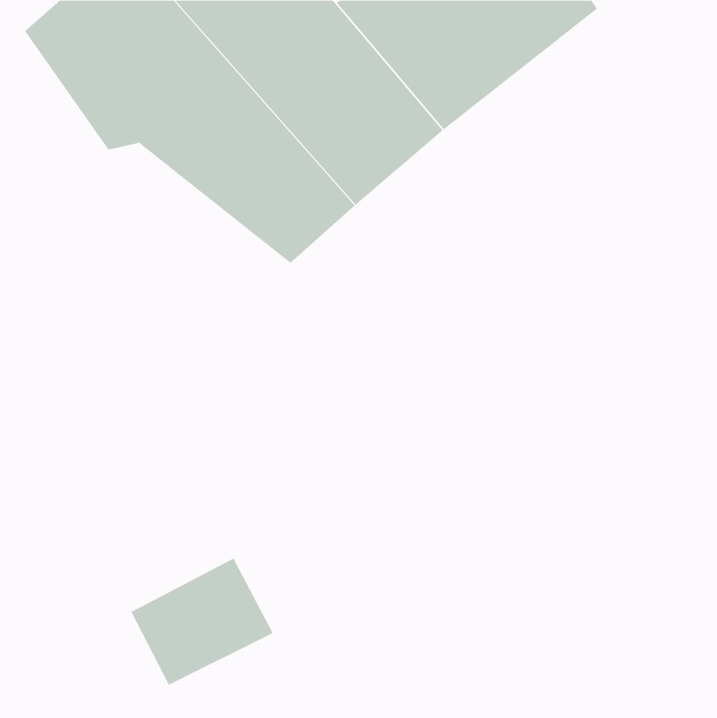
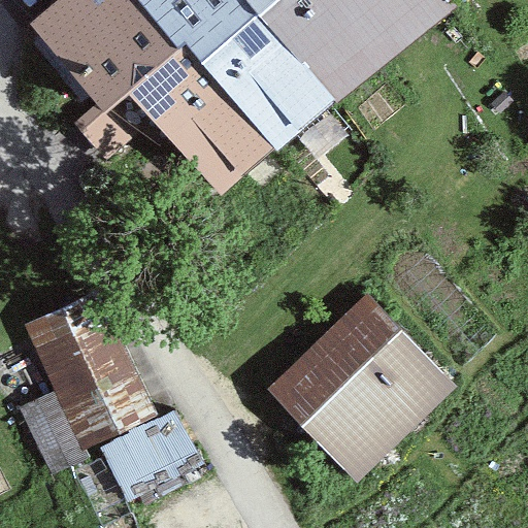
building: none -> [19,289,154,450]
building: none -> [267,292,455,478]

